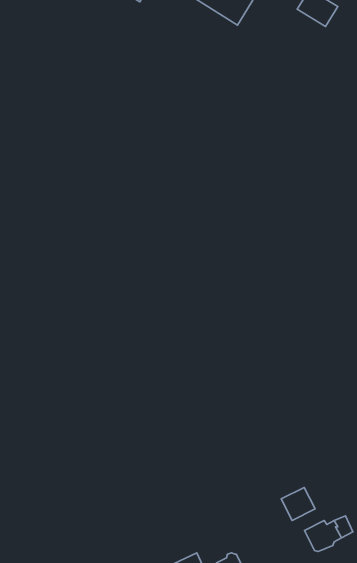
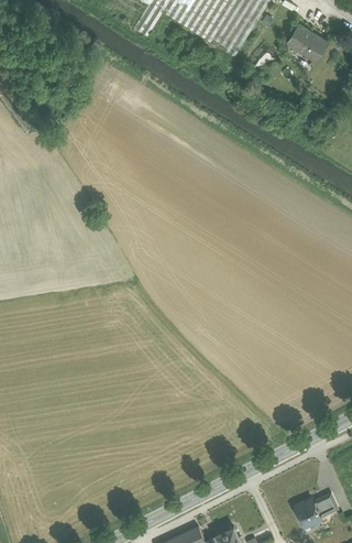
building: [281,487,315,520] -> none

